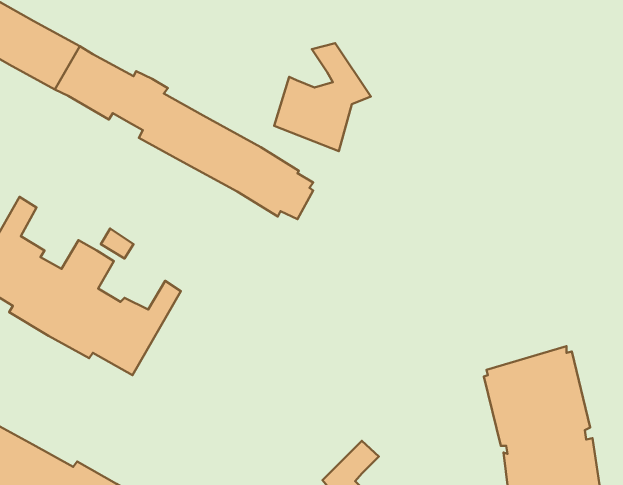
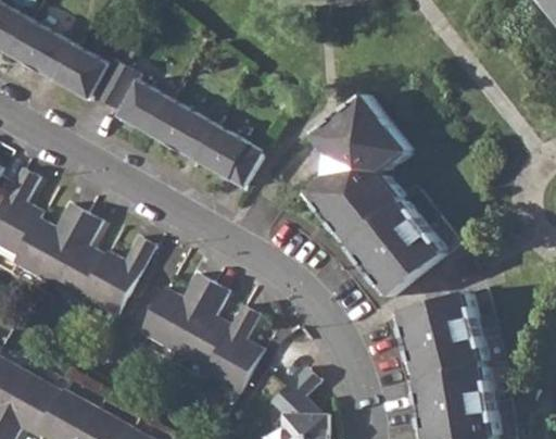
building: [274,43,371,151] -> none
building: none -> [309,93,446,297]
building: none -> [136,272,256,391]

